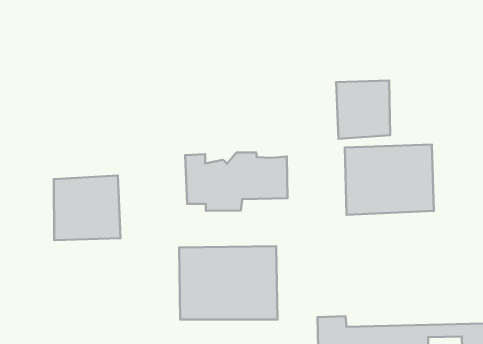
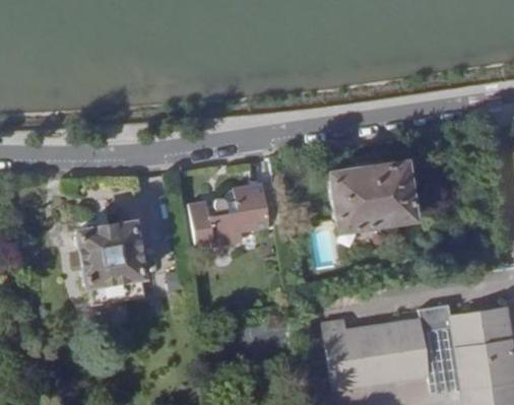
building: [336,80,390,139] -> none
building: [179,246,277,319] -> none

